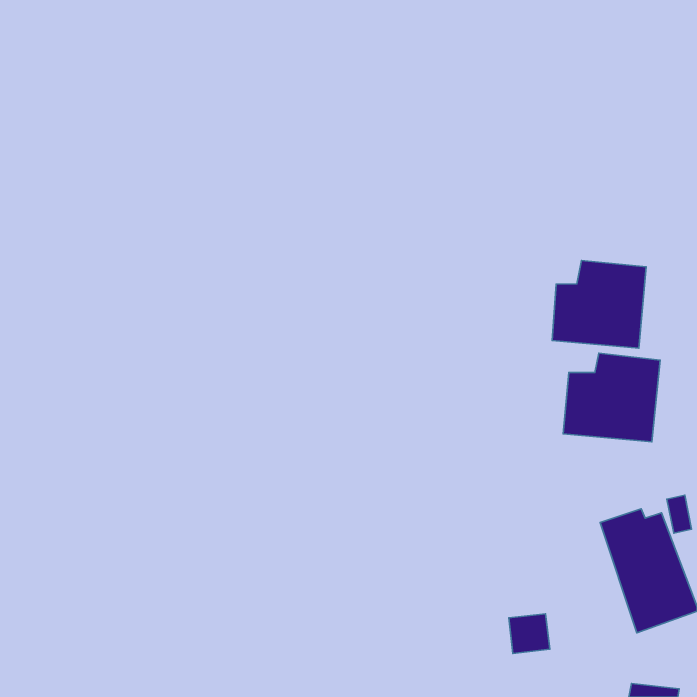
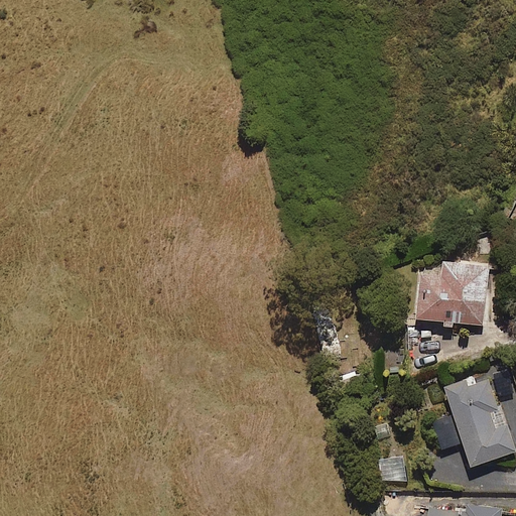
building: [552,261,646,348] -> none

